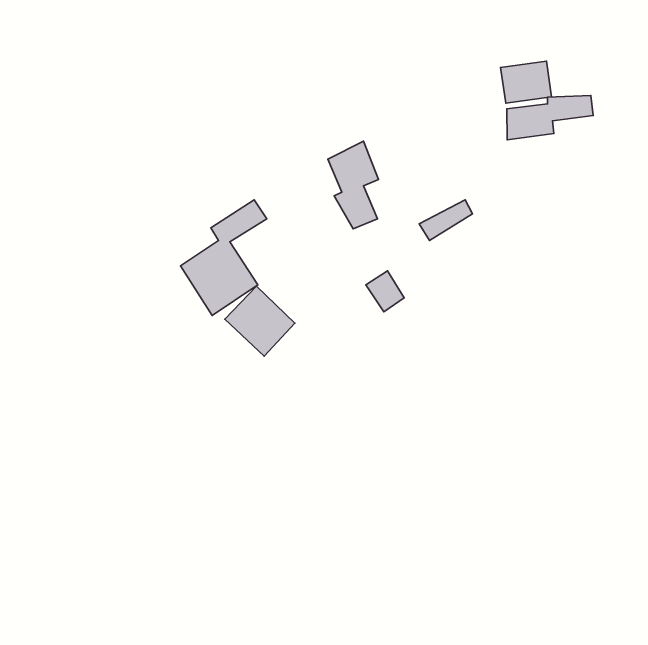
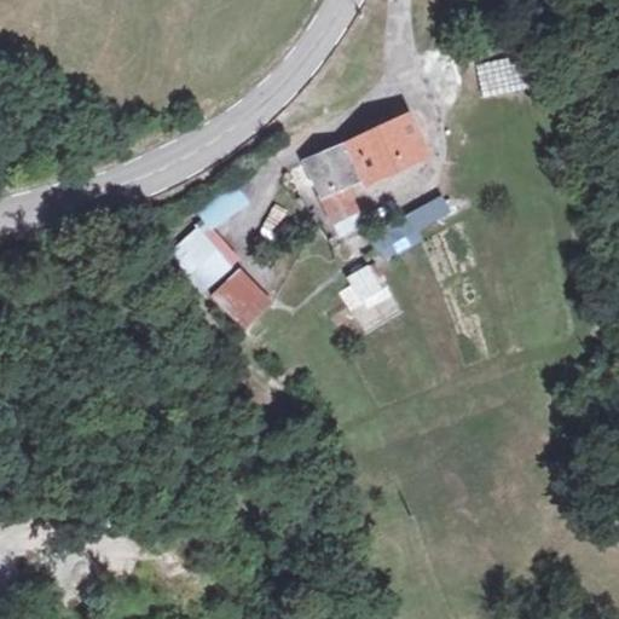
building: [507,95,593,140] -> none
building: none -> [347,114,424,175]

